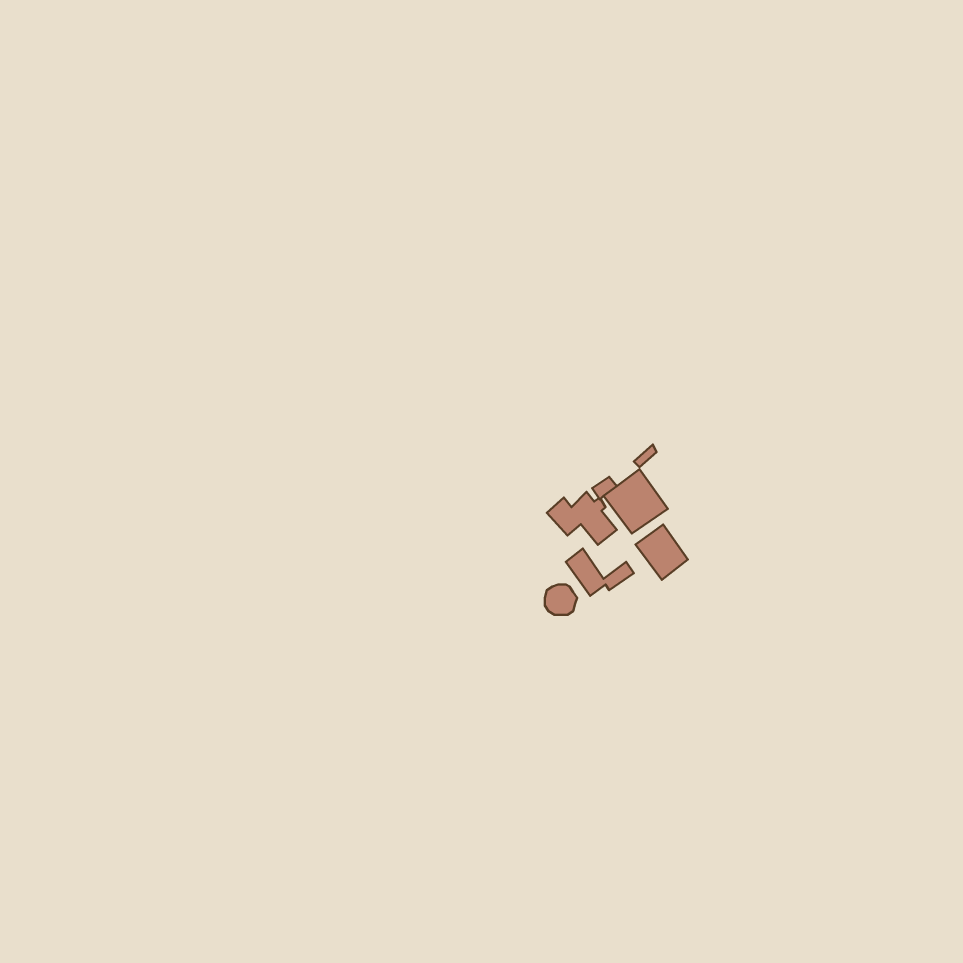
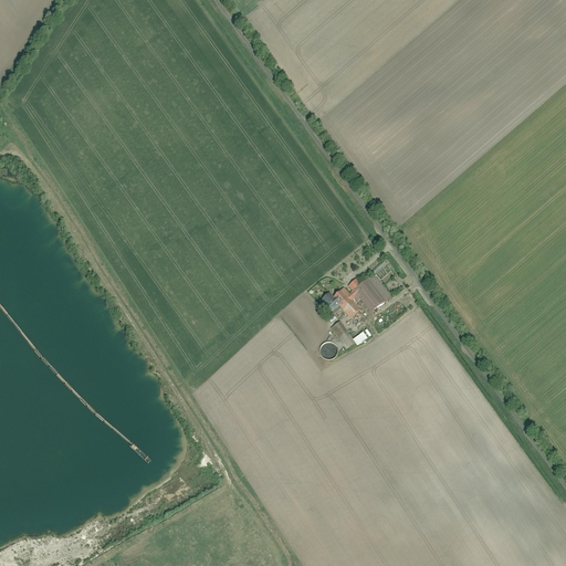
building: [635,525,688,580] -> none

